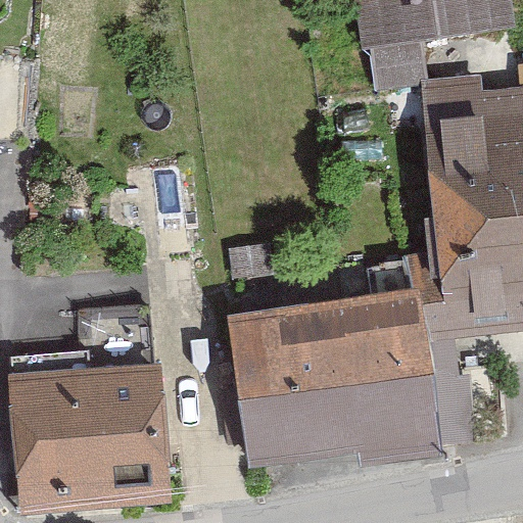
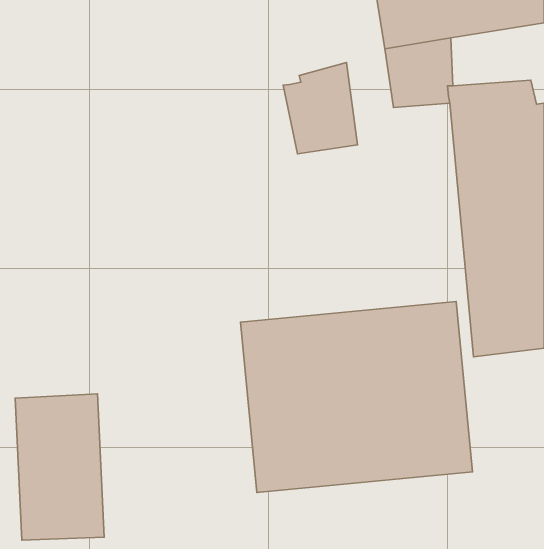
building: none -> [283,63,358,154]
building: [92,368,179,506] -> none

